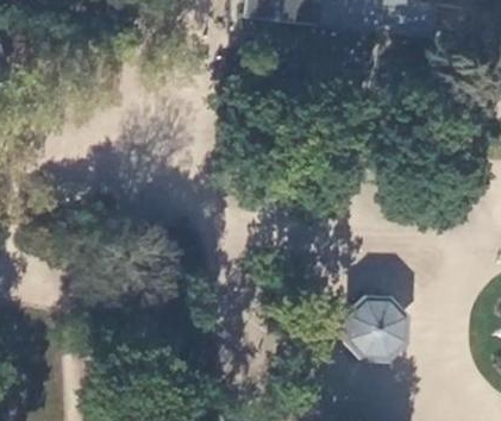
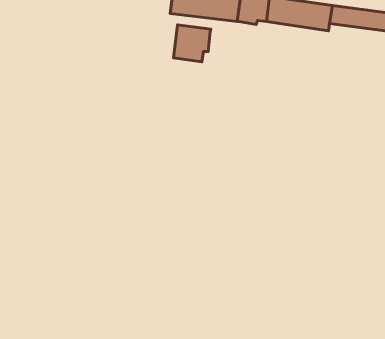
building: none -> [174,25,211,62]
building: [342,295,411,365] -> none

